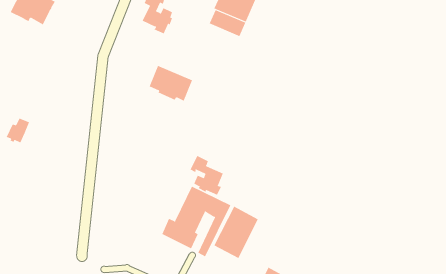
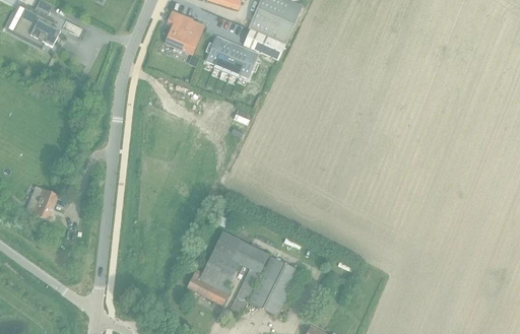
building: [149,65,193,101] -> [206,36,257,77]
building: [6,118,30,143] -> [30,189,58,218]
building: [190,155,224,196] -> none

